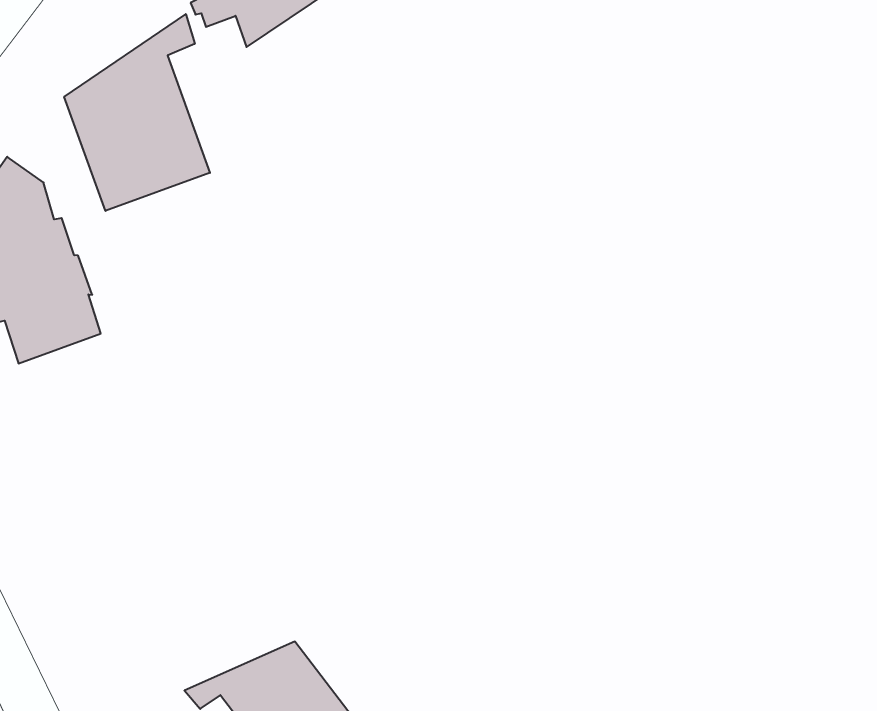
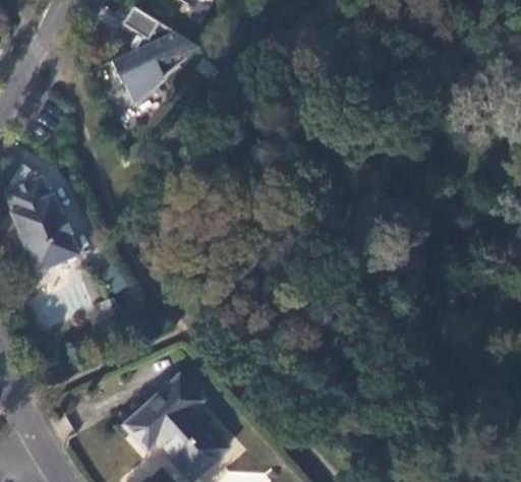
building: [64,14,210,211] -> none
building: none -> [124,372,204,438]

